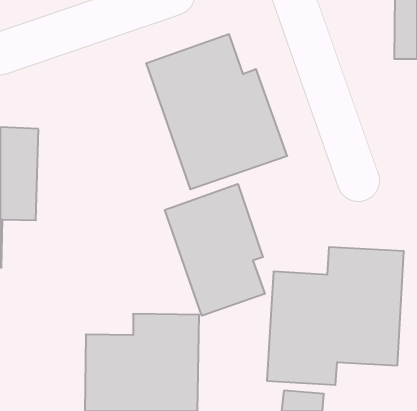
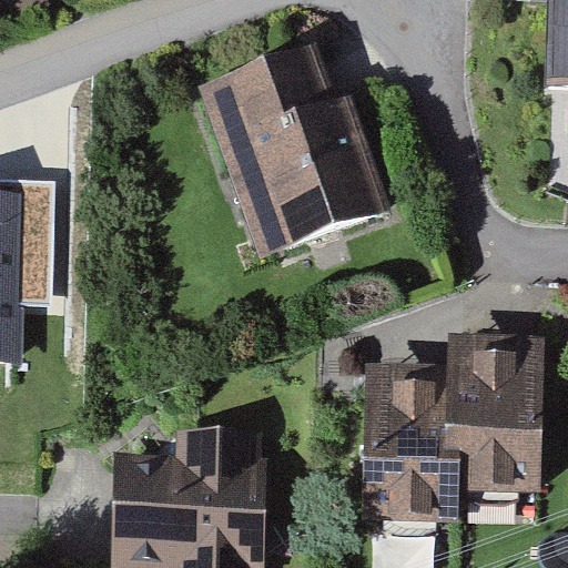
building: [165,184,265,316] -> none

